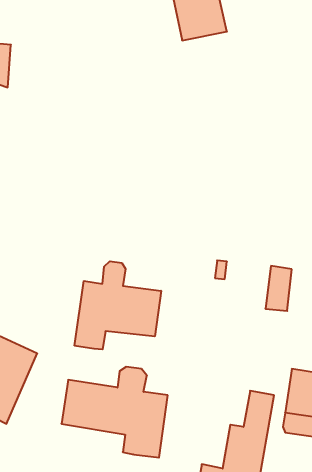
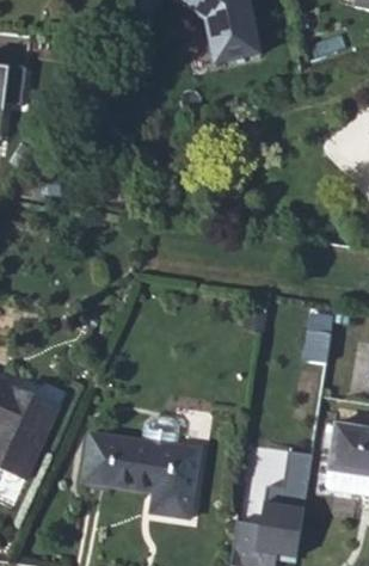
building: [75,261,161,349] -> none

